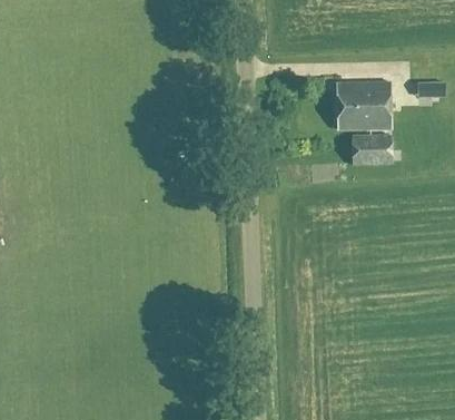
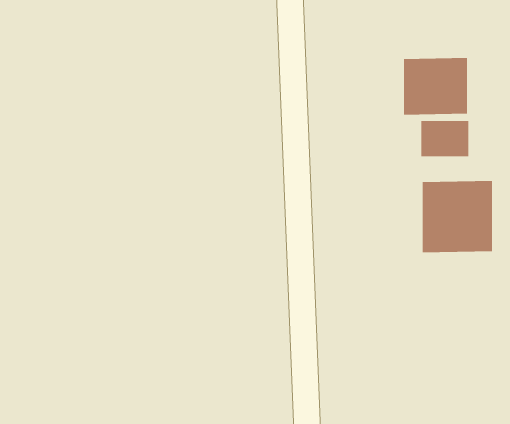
building: none -> [422,180,492,253]

